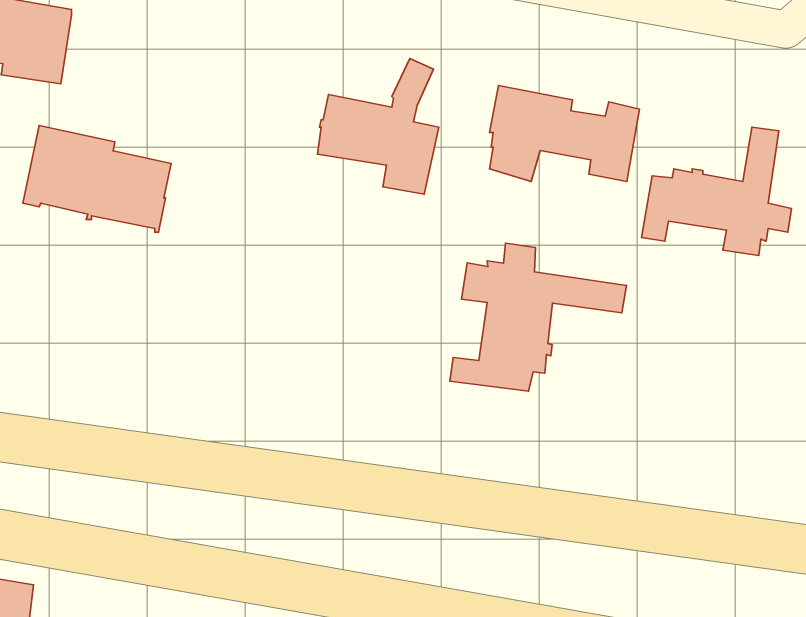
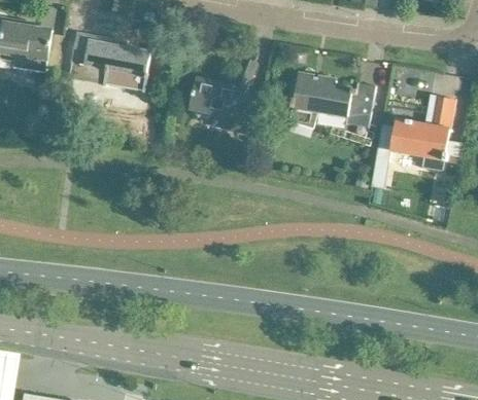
building: [23,125,171,232] -> [67,31,151,92]
building: [450,243,626,391] -> none

